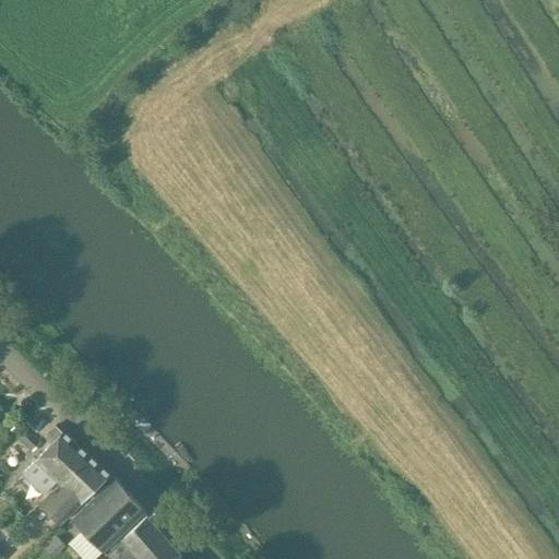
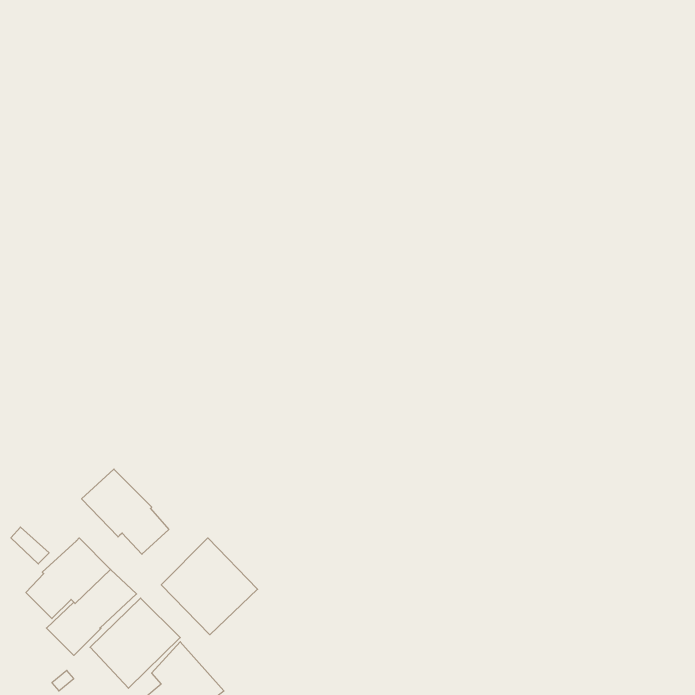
building: none -> [82,469,169,554]
building: none -> [161,538,258,635]

